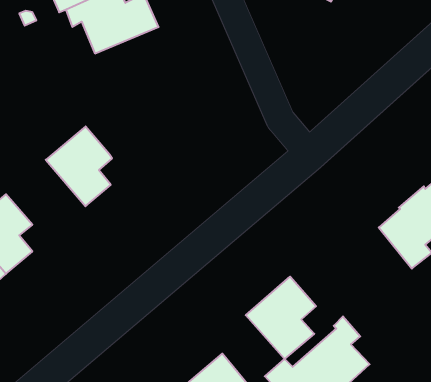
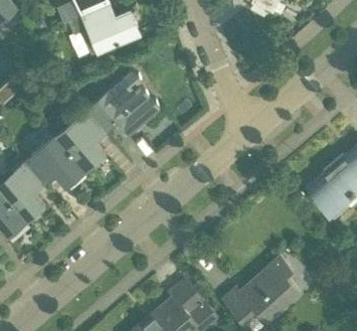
building: none -> [84,73,159,138]
building: none -> [24,137,84,189]
building: [246,277,316,359] -> none

